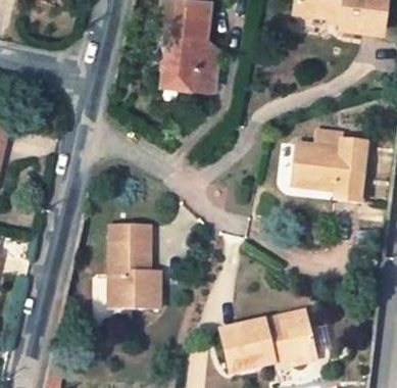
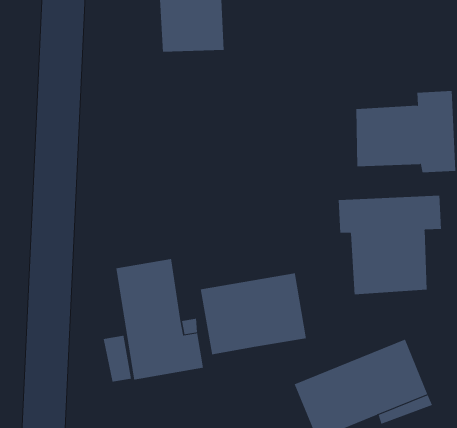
building: none -> [338,195,441,295]
building: none -> [200,273,306,355]

